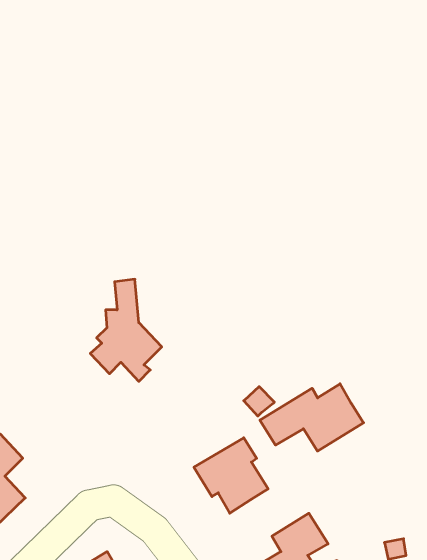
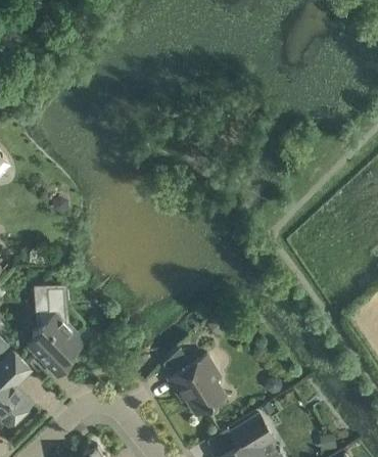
building: [90,279,162,381] -> [27,287,84,369]
building: [260,384,364,451] -> none

